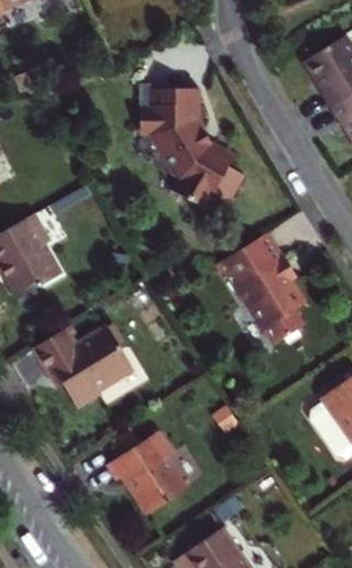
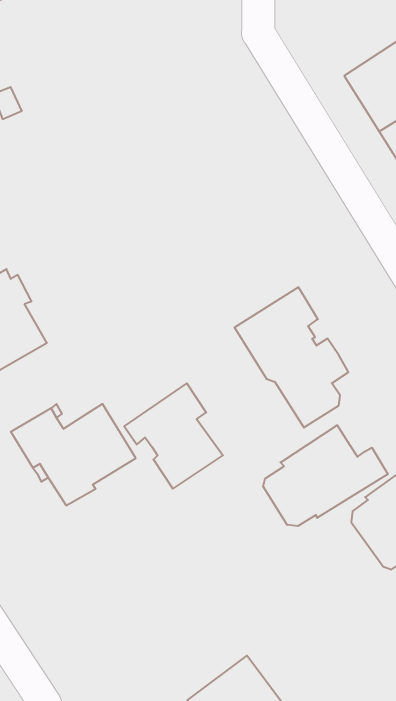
building: [140,83,242,205] -> none
building: none -> [263,425,388,526]
building: [110,430,189,515] -> [124,383,223,489]

